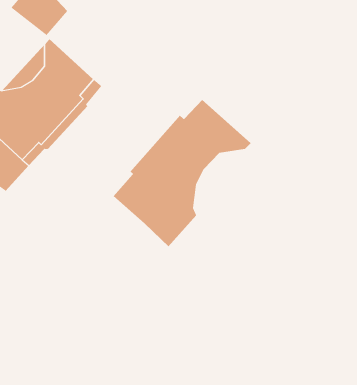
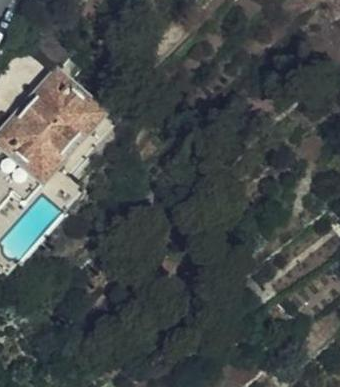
building: [113,99,252,247] -> none

